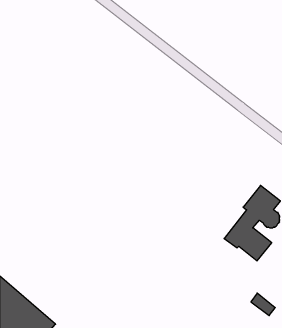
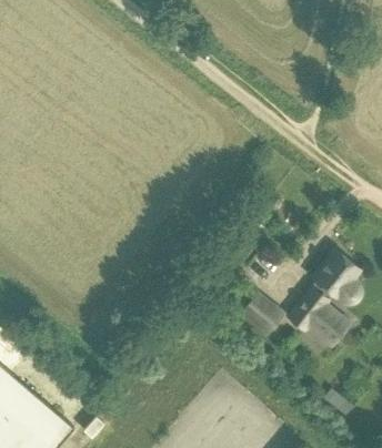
building: none -> [237,289,284,337]

